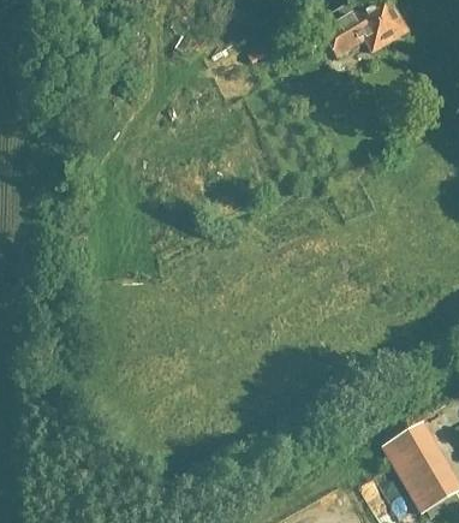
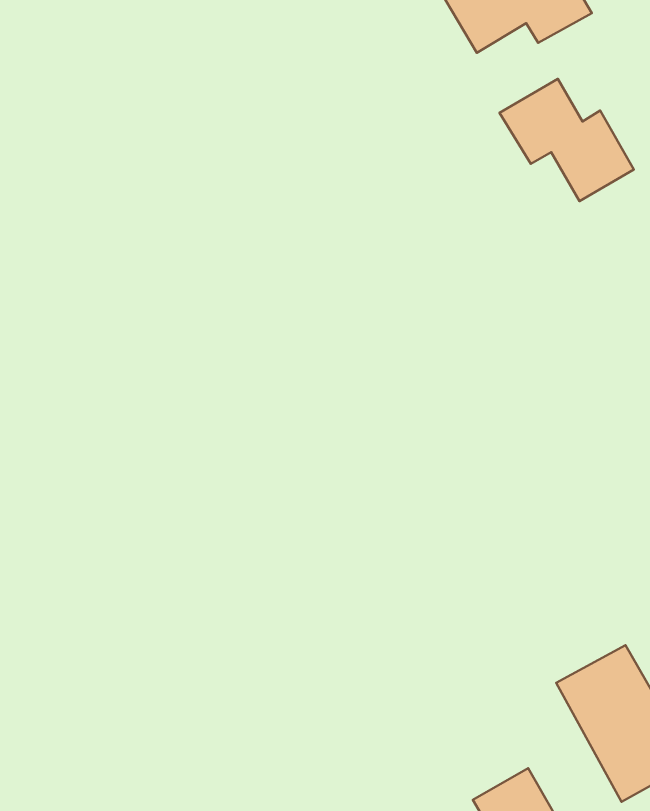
building: none -> [499,79,634,201]

